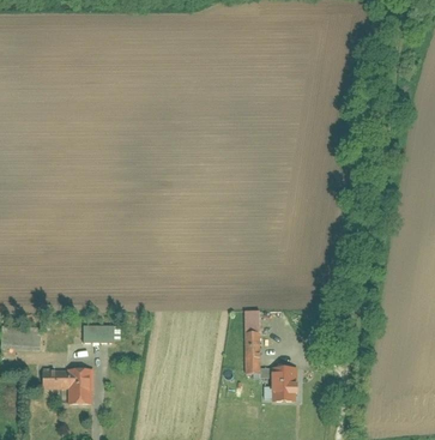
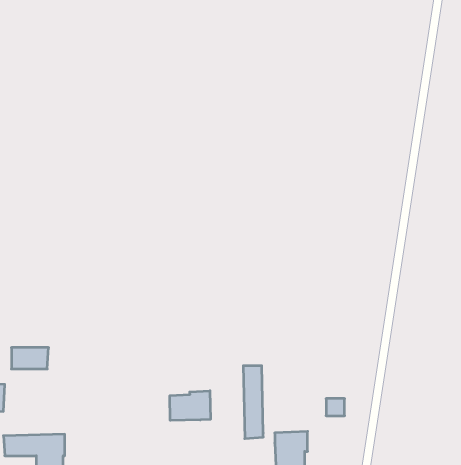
building: [84,325,115,343] -> [11,348,49,369]
building: none -> [170,391,210,420]

